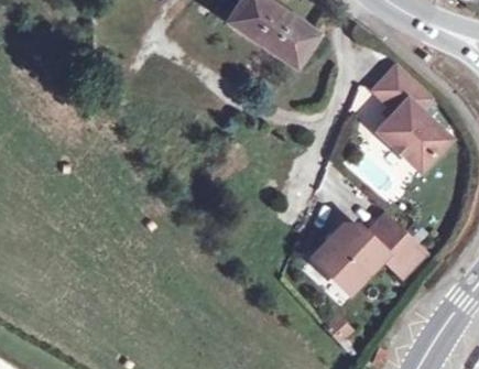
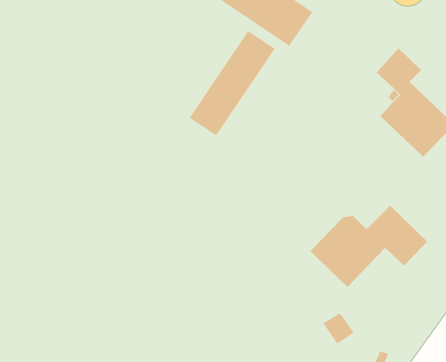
building: none -> [189,30,276,136]

